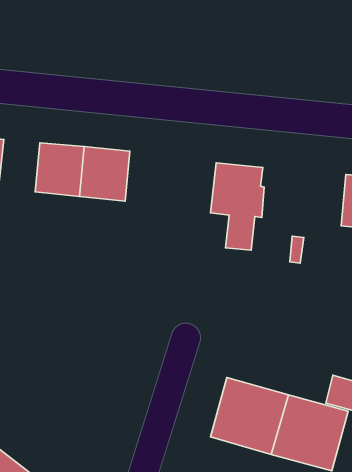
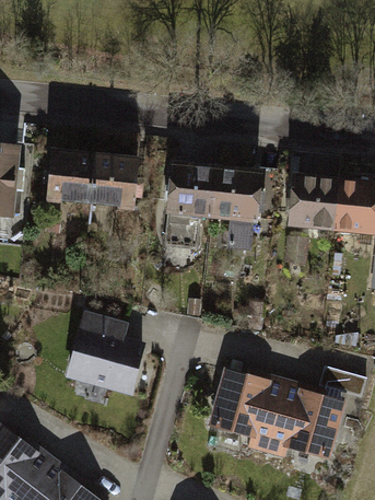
building: none -> [165,163,218,247]
building: none -> [290,174,339,226]
building: none -> [68,313,143,392]

